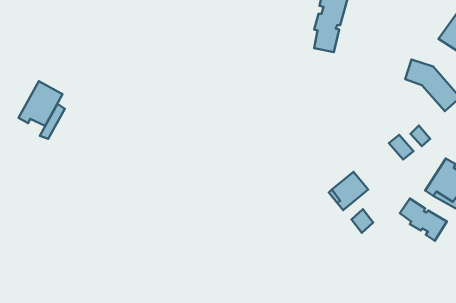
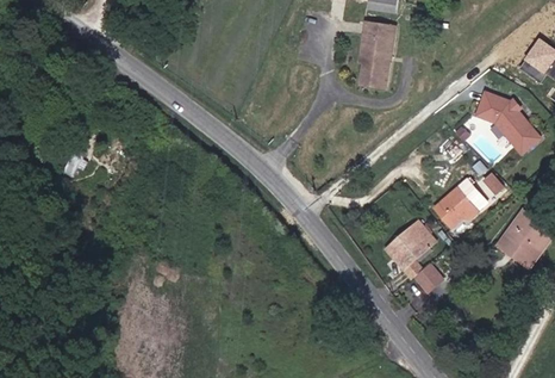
building: [18,81,62,126] -> none
building: none -> [436,191,472,229]
building: [400,199,447,241] -> none

